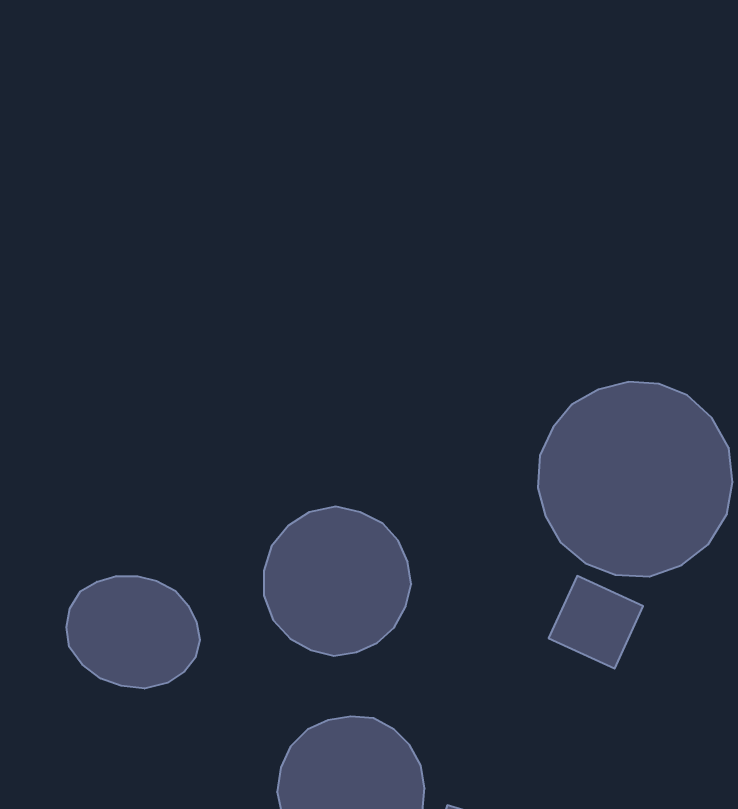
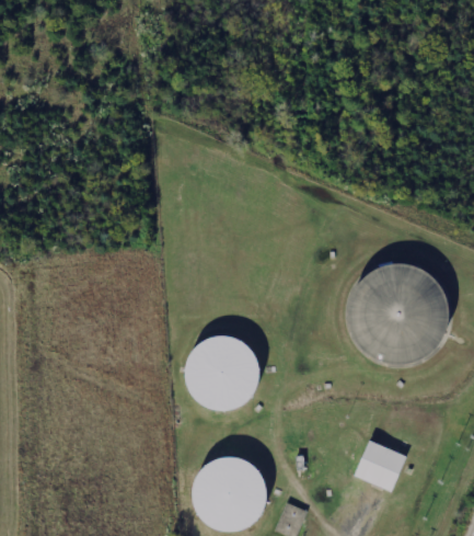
building: [549,576,643,669] -> [352,440,407,493]
building: [66,576,200,689] -> none

